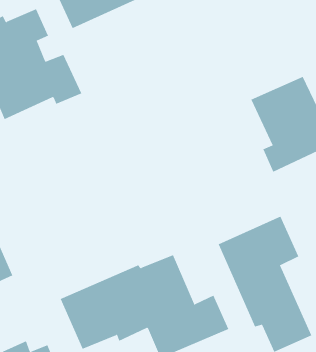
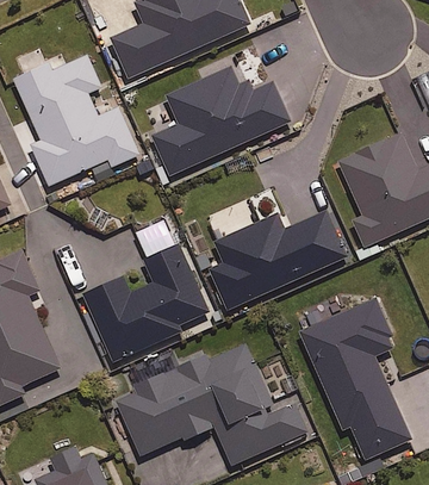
building: none -> [153,63,290,175]
building: none -> [207,211,343,305]
building: none -> [81,244,212,360]

